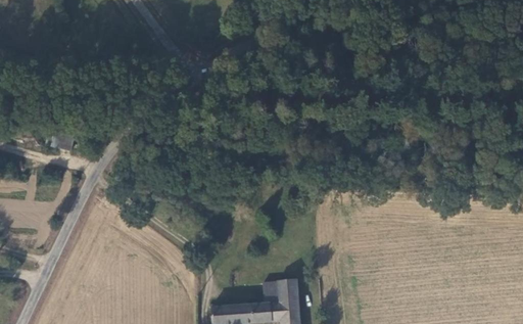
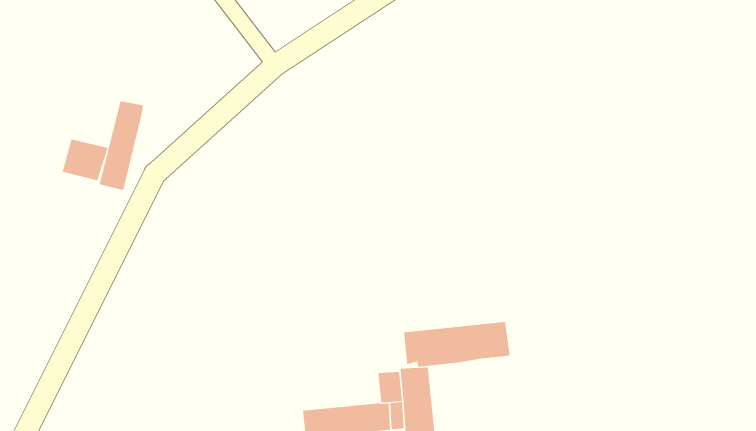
building: none -> [99,101,144,191]
building: none -> [404,321,510,368]

